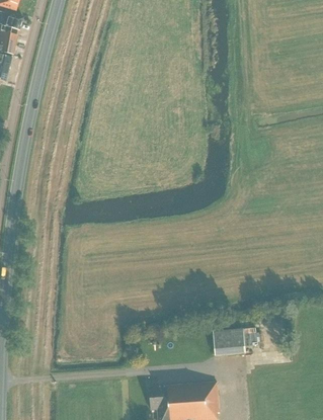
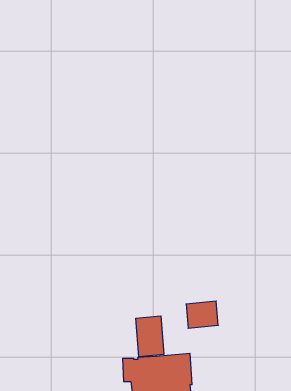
building: none -> [136,316,164,357]

